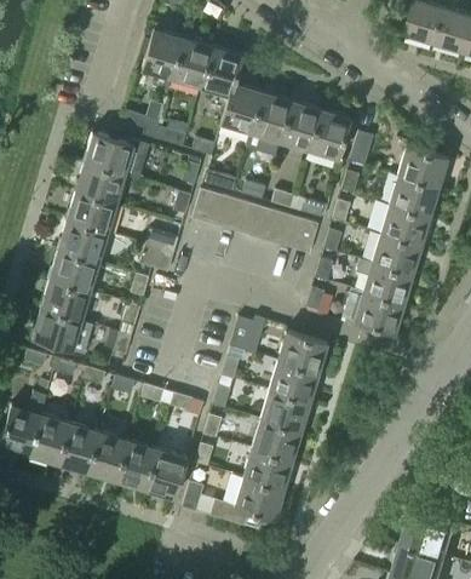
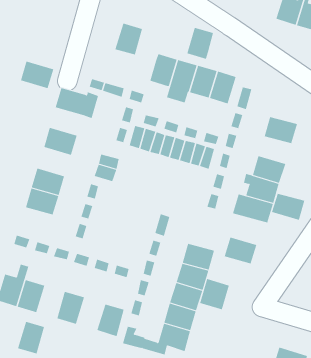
building: [143,29,184,78] -> none
building: [202,47,242,94] -> [187,27,214,59]
building: [398,145,448,187] -> none
building: [76,162,126,203] -> [20,61,54,89]
building: [381,205,431,245] -> [271,193,305,221]
building: [58,220,109,263] -> none
building: [33,309,93,354] -> none
building: [278,332,327,372] -> [224,237,257,264]
building: none -> [199,278,230,310]
building: [58,423,98,471] -> [17,321,45,354]
building: [116,440,157,488] -> none

